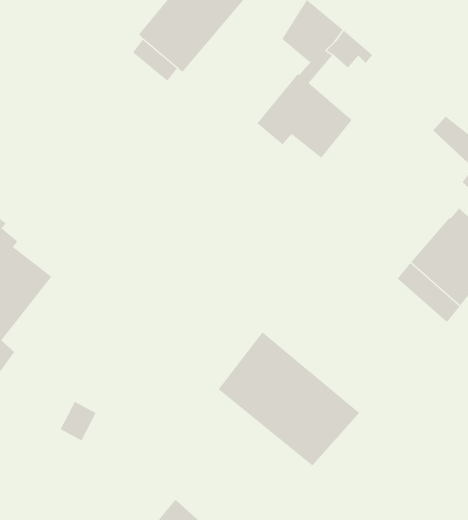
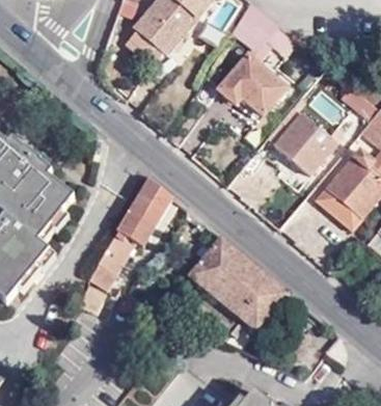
building: none -> [275,112,335,171]
building: none -> [88,178,172,289]

